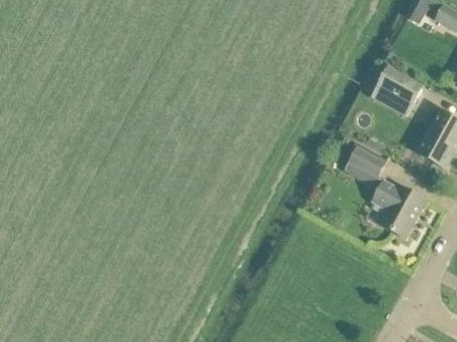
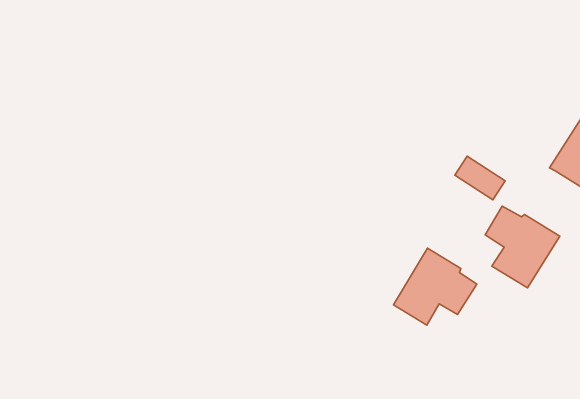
building: [373,67,420,114] -> none
building: none -> [393,248,477,325]

